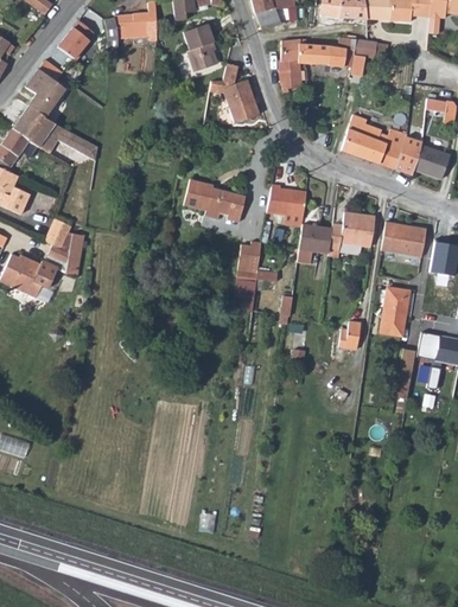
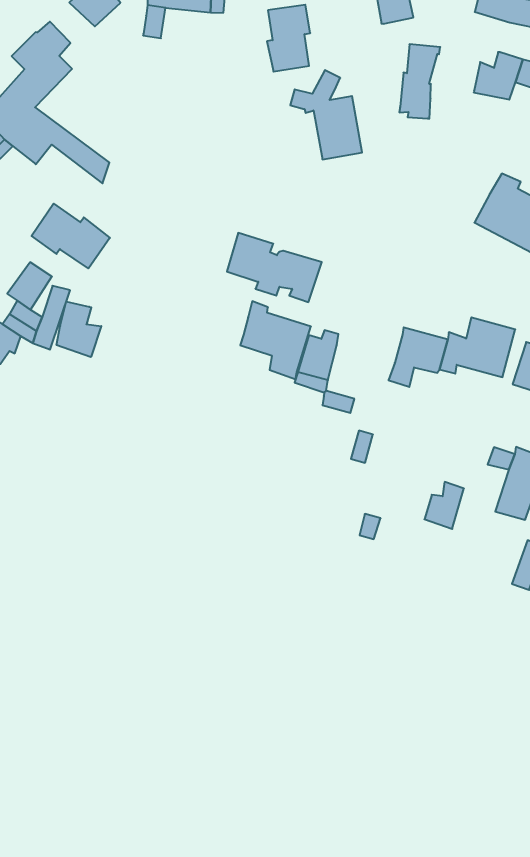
building: [297,44,327,65] -> none
building: none -> [32,204,110,268]
building: [265,183,308,229] -> [240,301,311,379]
building: none -> [57,301,101,357]

